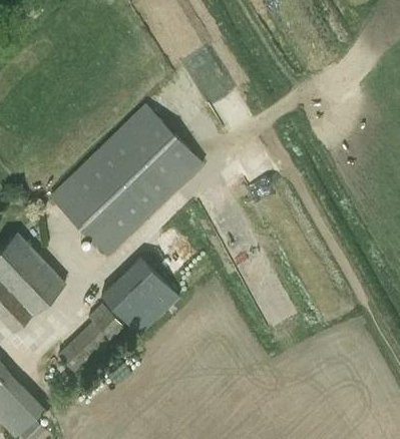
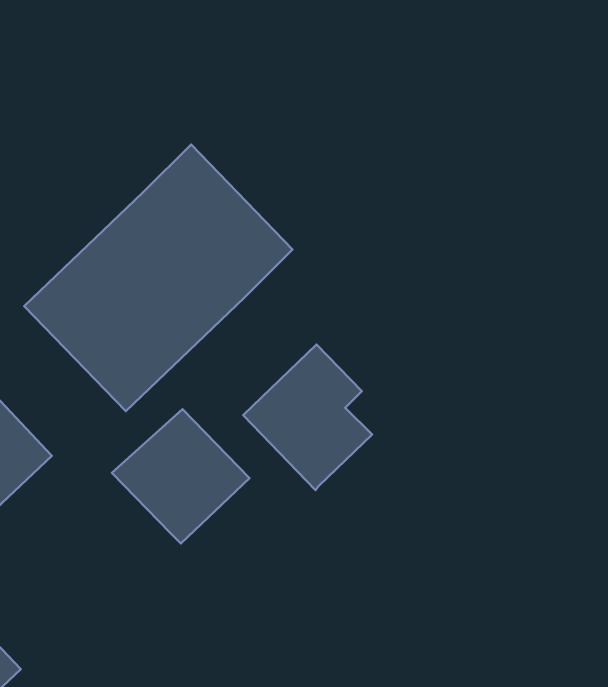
building: none -> [243,344,372,490]
building: [57,304,124,374] -> none

